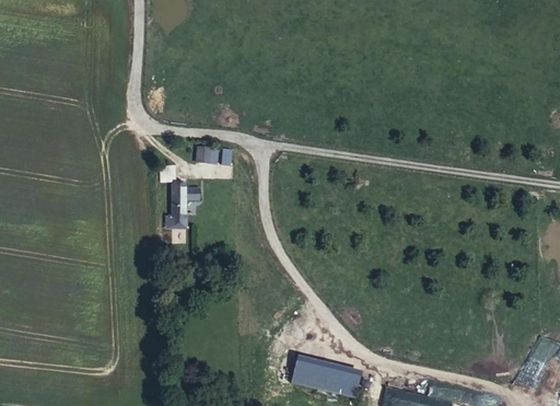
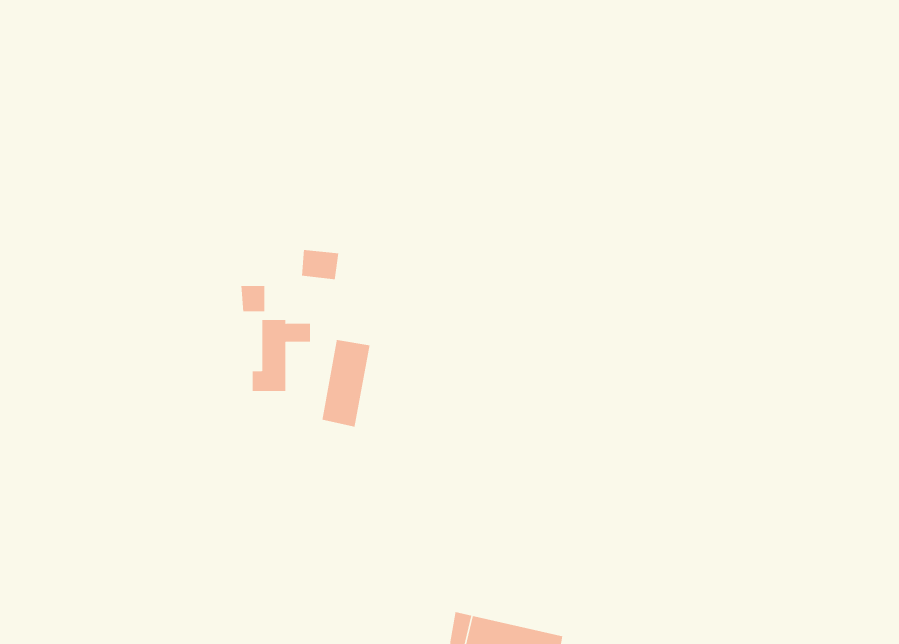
building: none -> [322,339,370,428]

